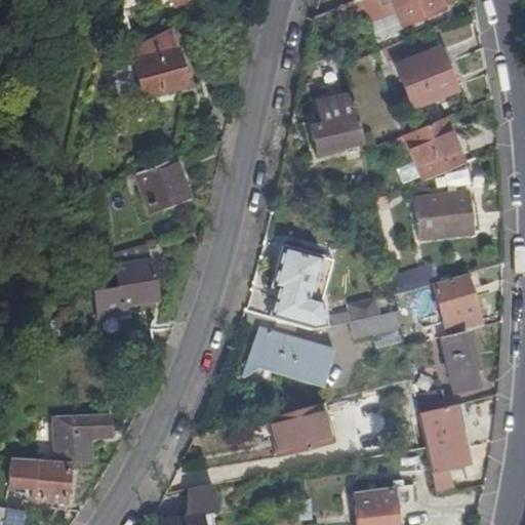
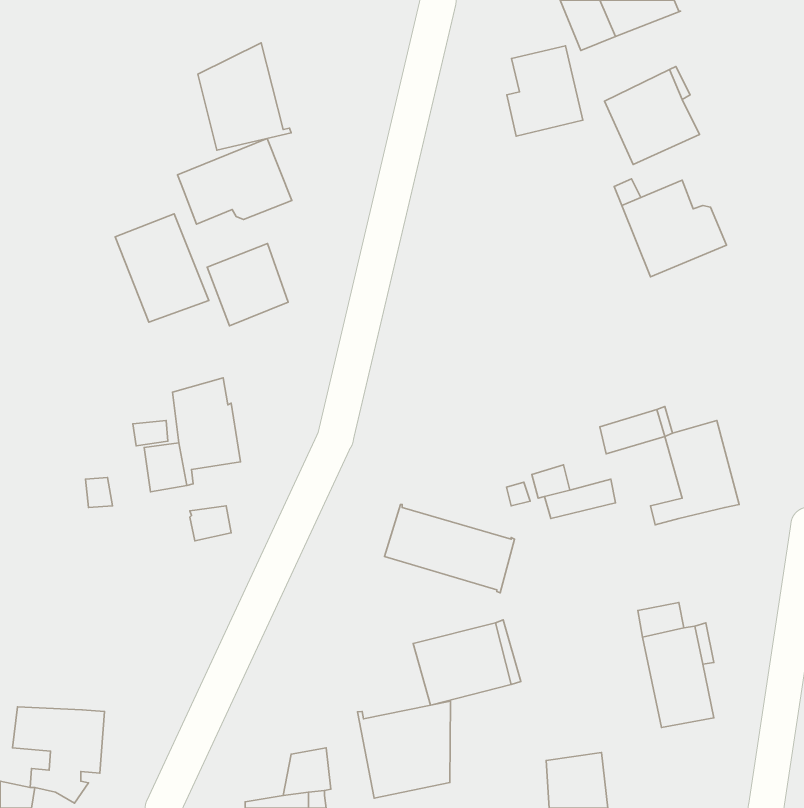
building: none -> [177,138,292,224]
building: [311,93,360,152] -> [507,46,583,136]
building: none -> [115,214,209,322]
building: [418,197,474,238] -> none
building: [271,246,335,333] -> none
building: [443,329,479,392] -> none
building: [56,413,113,462] -> none
building: none -> [357,701,450,798]

